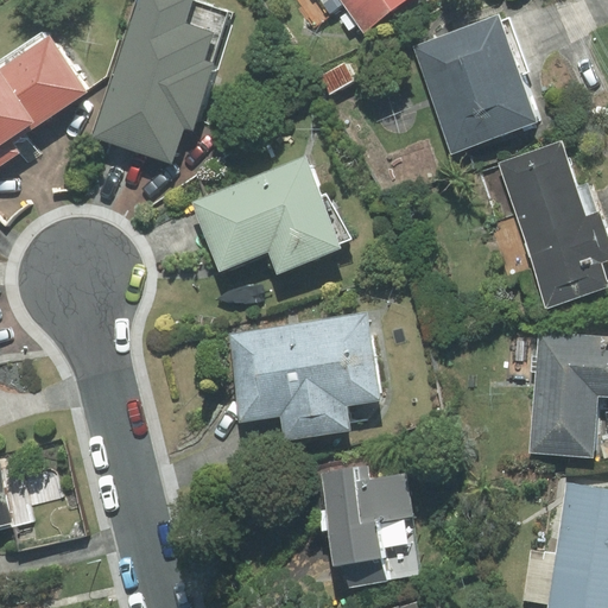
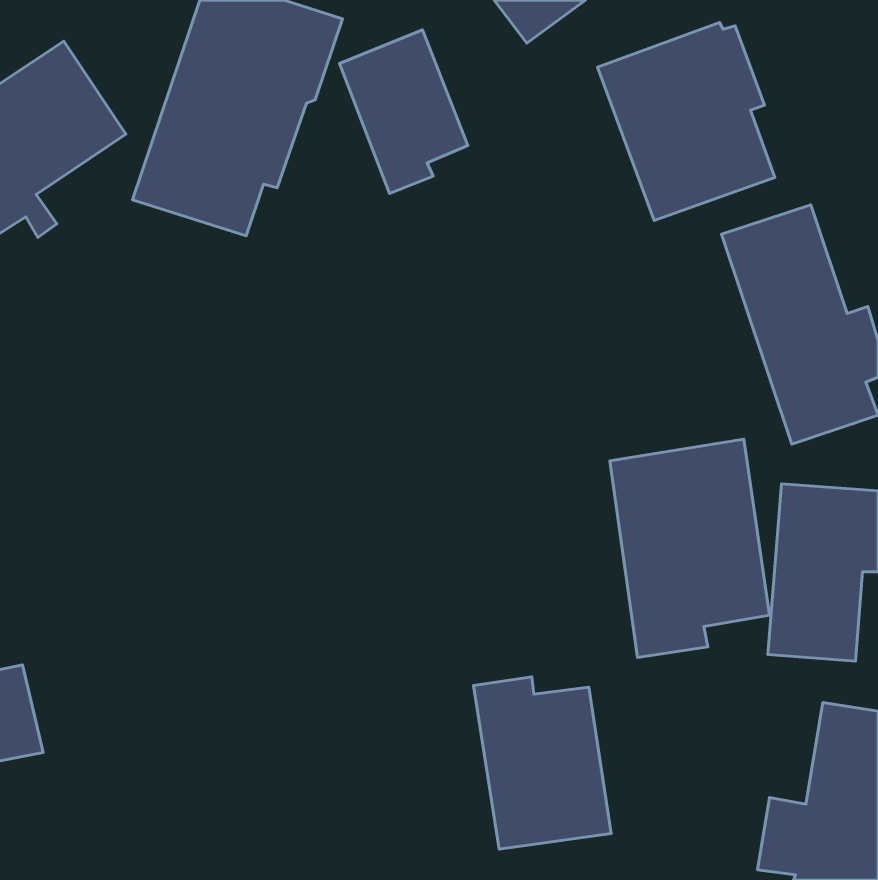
building: none -> [339,30,468,194]
building: [194,159,350,273] -> none
building: none -> [610,439,770,658]
building: [228,314,379,441] -> none

